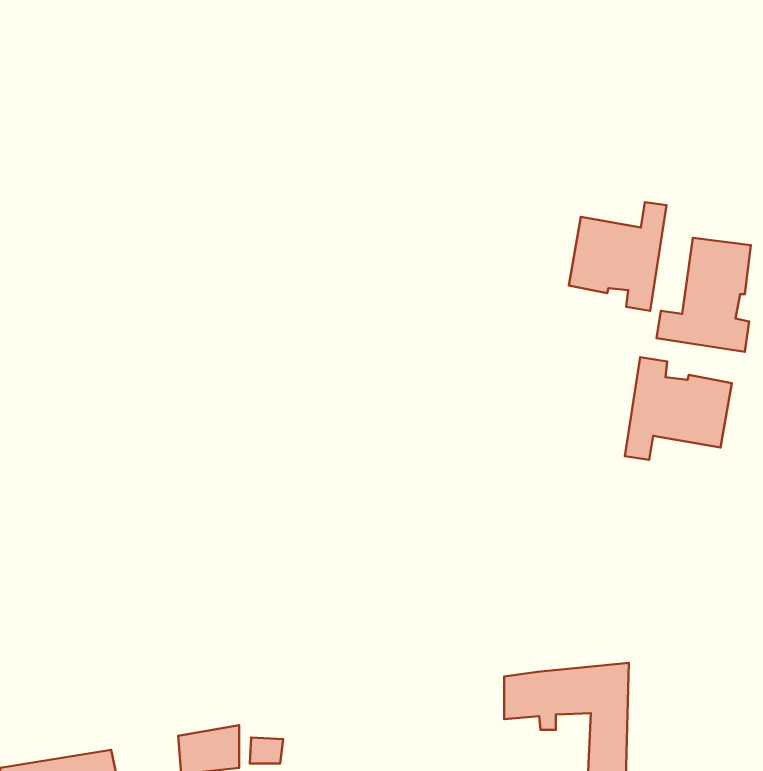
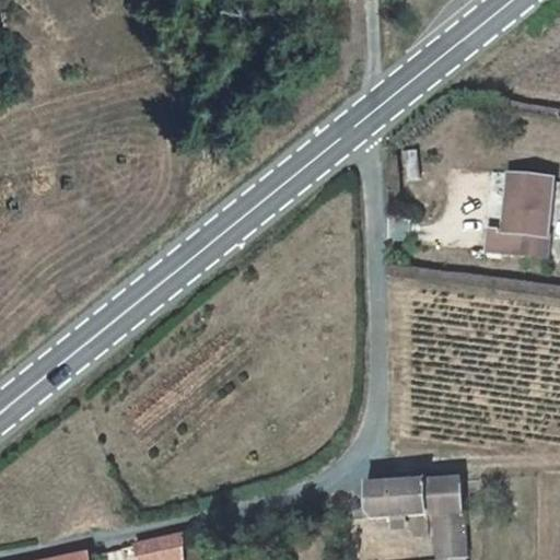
building: [569,202,667,311] -> none
building: [625,357,732,460] -> none

